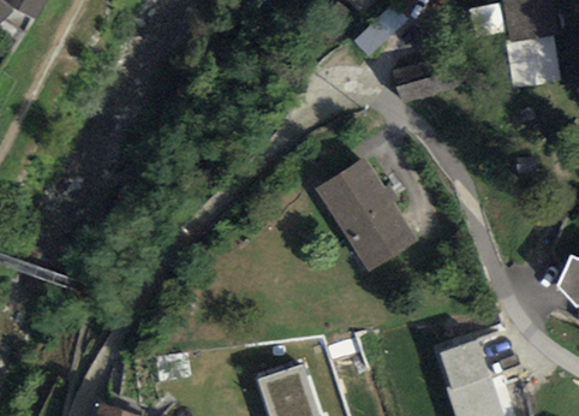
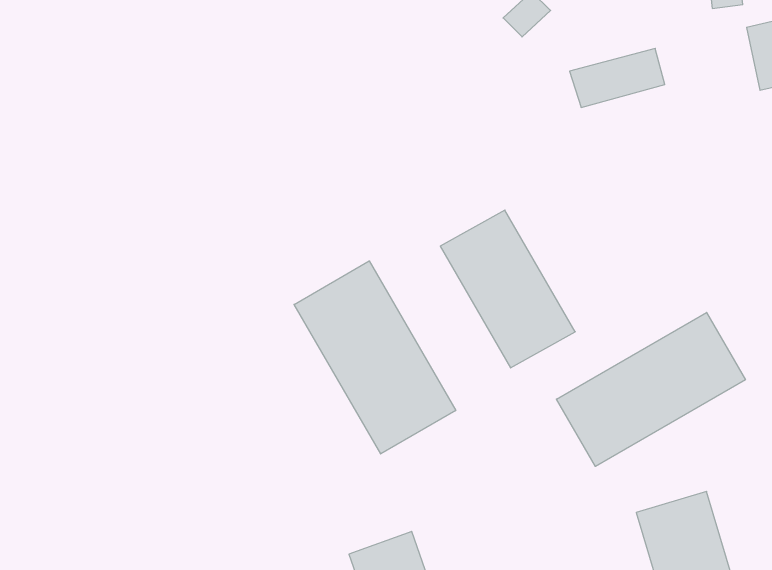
building: none -> [294,261,456,454]
building: none -> [556,312,745,466]

